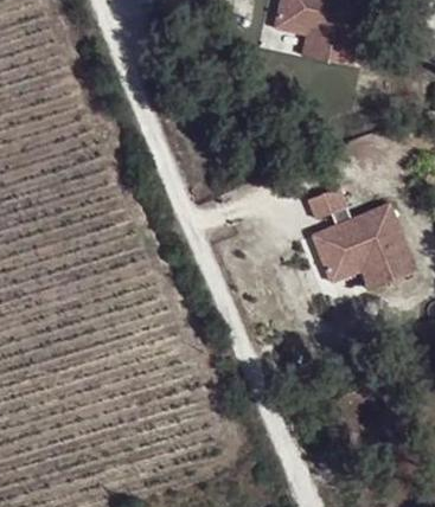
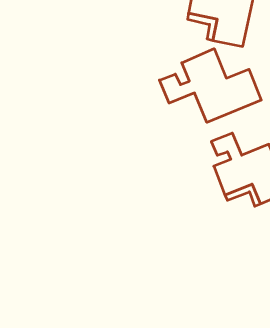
building: none -> [159,49,261,122]

